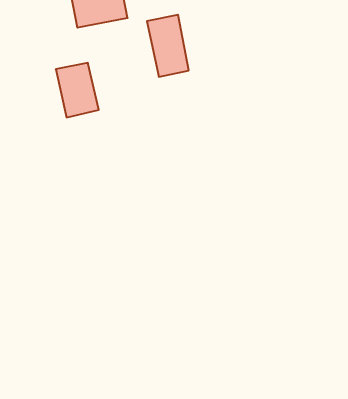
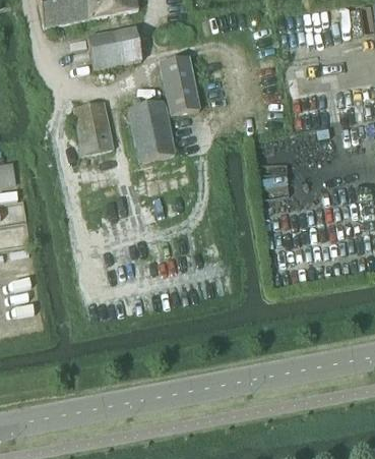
building: none -> [128,100,175,160]

